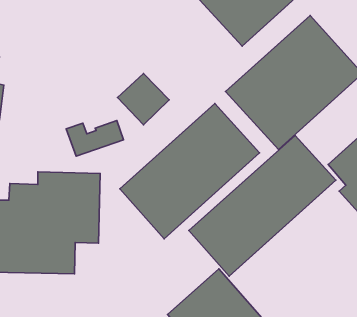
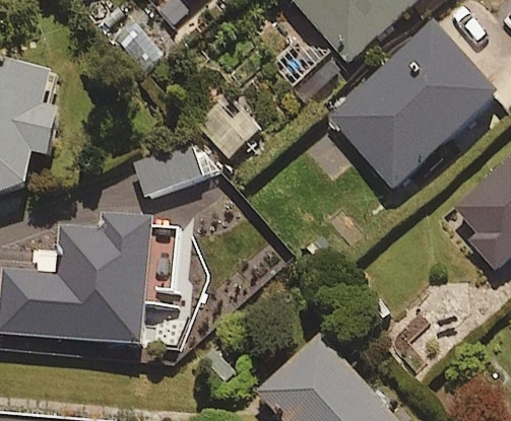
building: [120,104,260,239] -> none
building: [189,135,336,276] -> none

